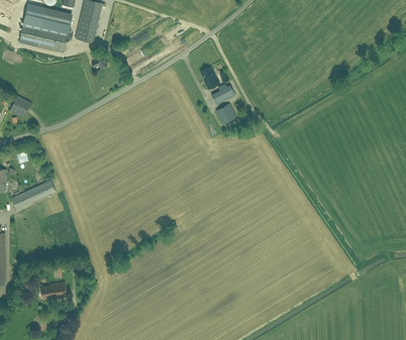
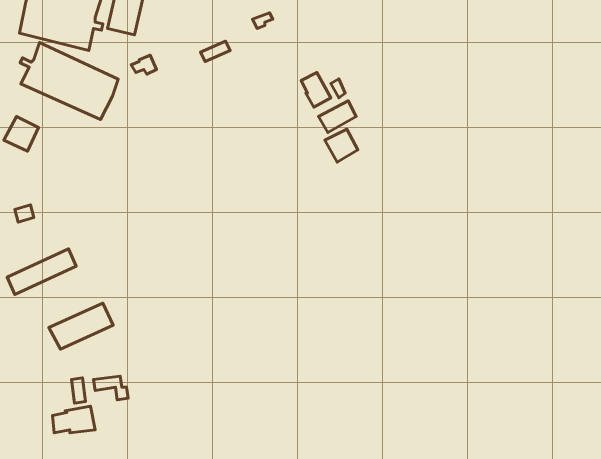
building: none -> [20,43,118,120]
building: none -> [49,303,113,349]

